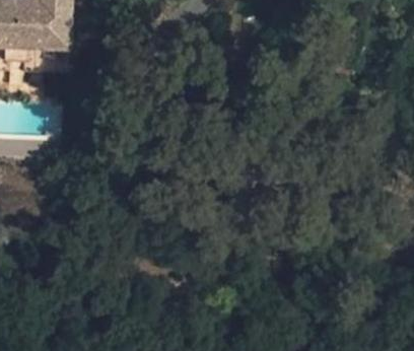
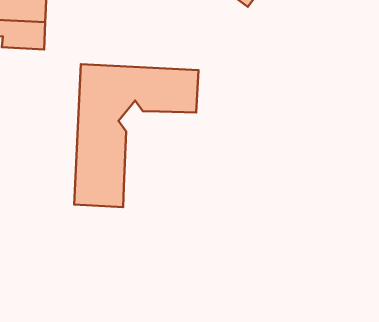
building: none -> [74,64,199,207]

